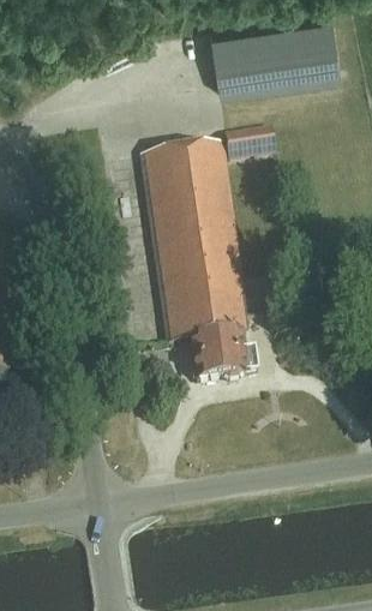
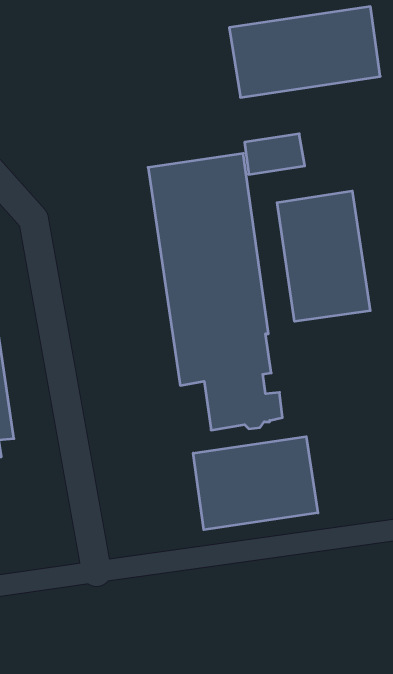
building: none -> [277,191,370,321]
building: none -> [193,437,318,530]

